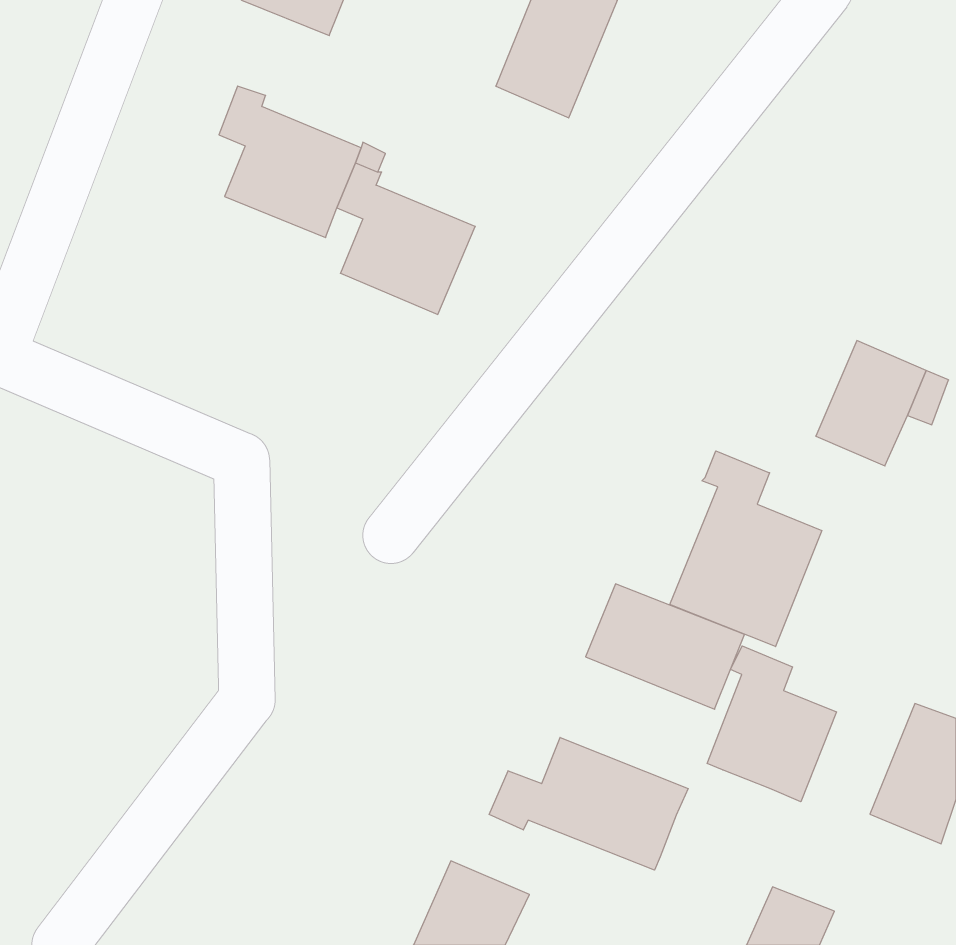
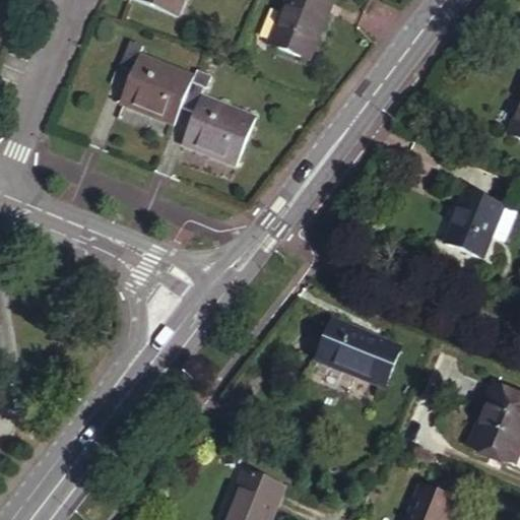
building: [670,451,822,647] -> none
building: [707,646,837,802] -> none
building: [489,737,688,870] -> none

